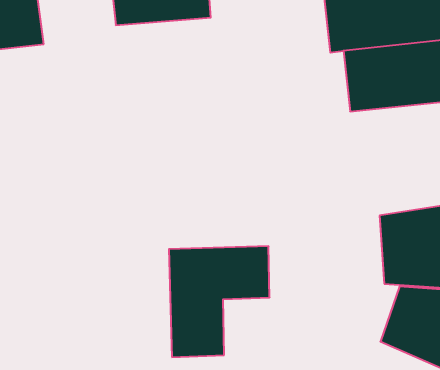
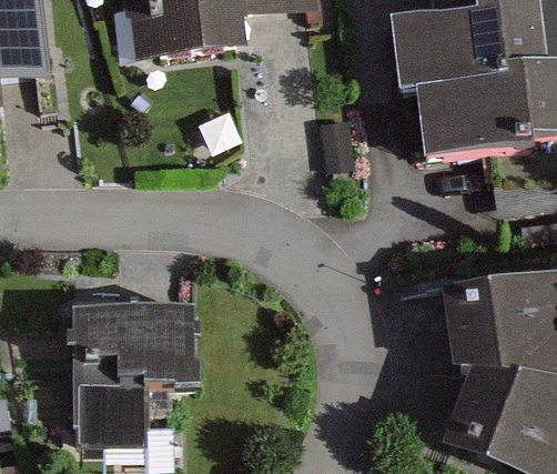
building: [169,246,270,357] -> [79,310,196,440]

